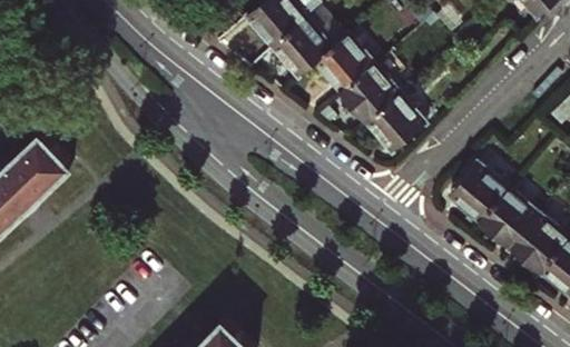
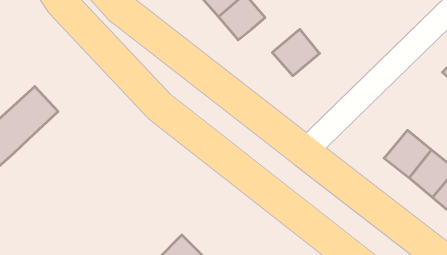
building: [316,33,375,91] -> none
building: [366,92,425,150] -> none
building: [449,161,509,222] -> none

